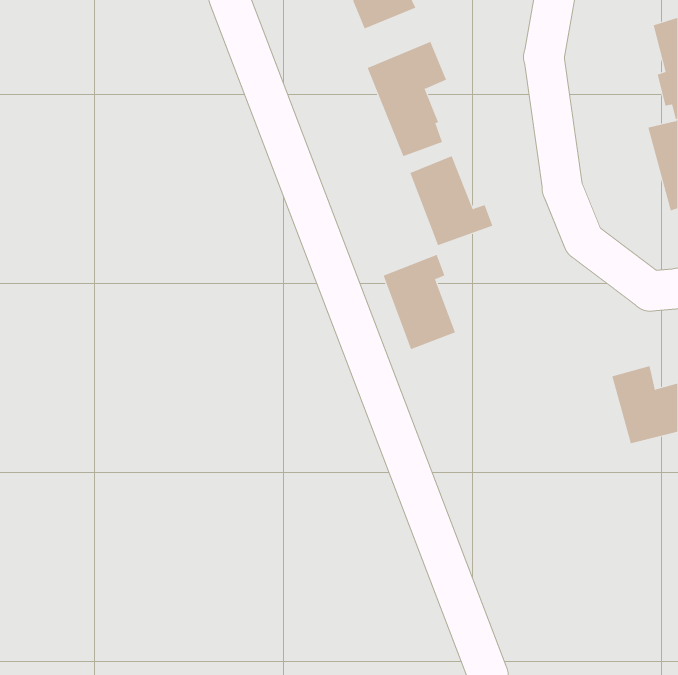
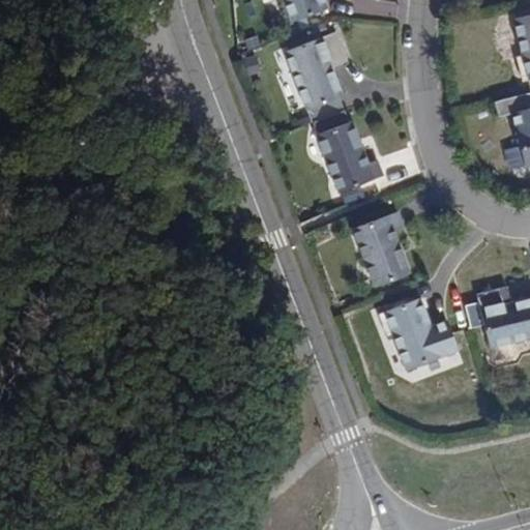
building: [383,254,456,350] -> [355,213,412,288]
building: none -> [379,297,458,363]

